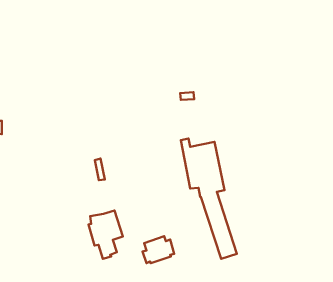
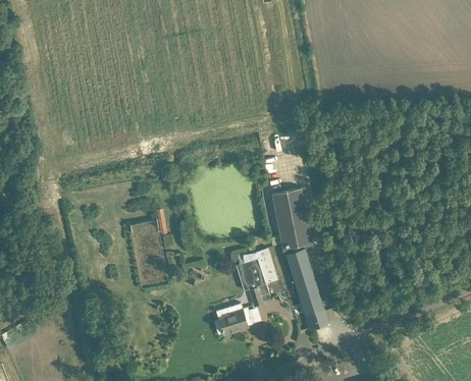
building: [89,210,123,259] -> [238,250,279,309]

